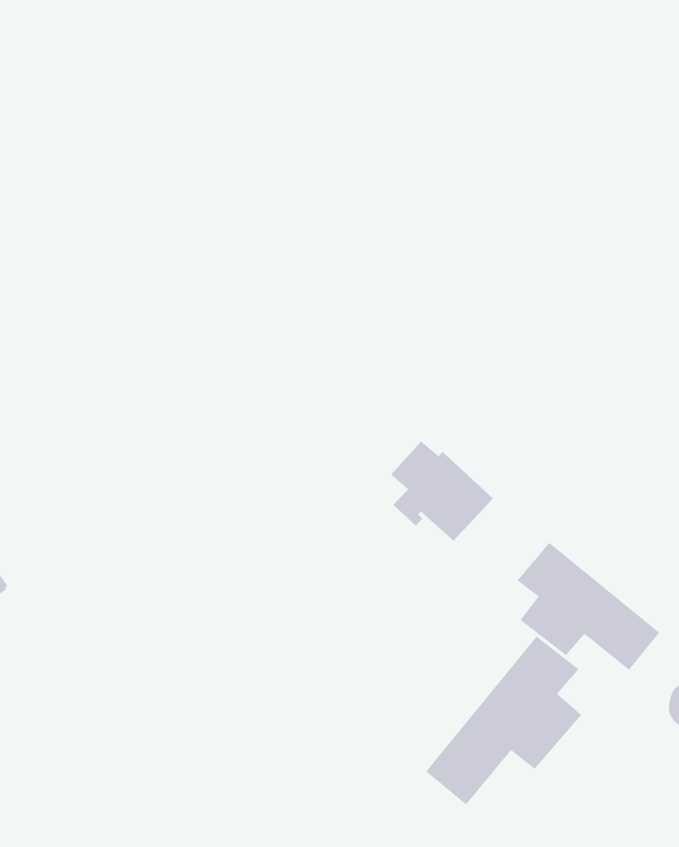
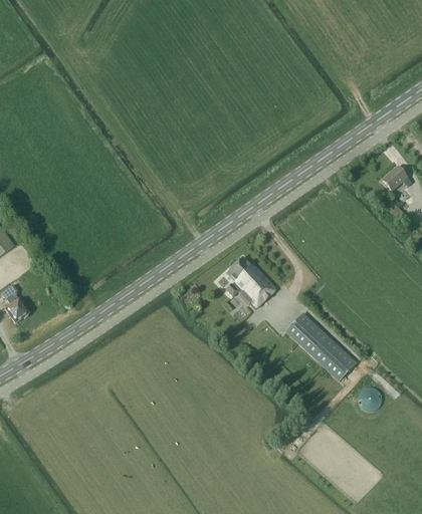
building: [425,636,582,806] -> none

